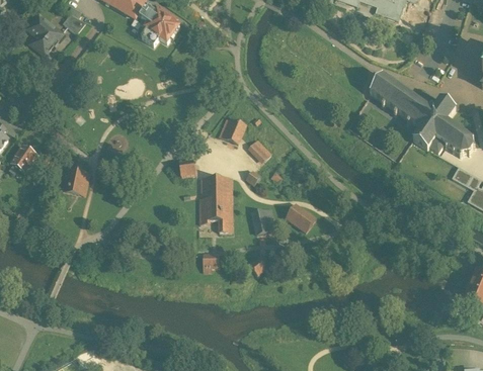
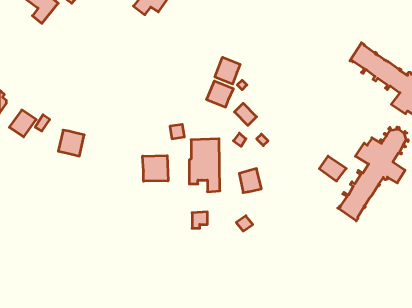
building: none -> [215,57,240,84]
building: none -> [338,127,408,221]
building: none -> [143,156,168,181]
building: [288,206,316,233] -> [319,156,346,181]

